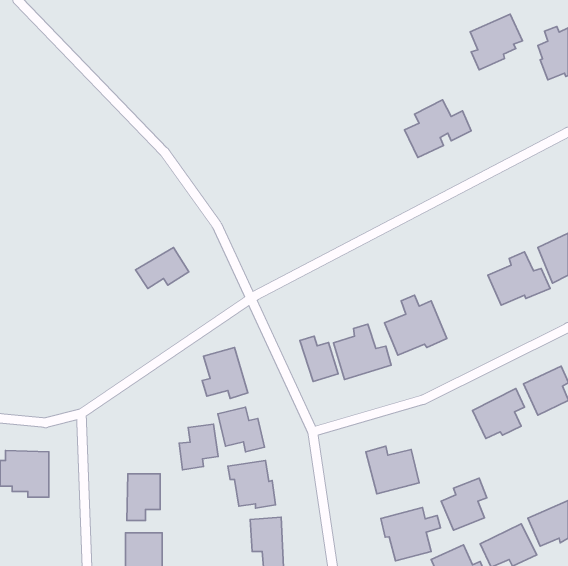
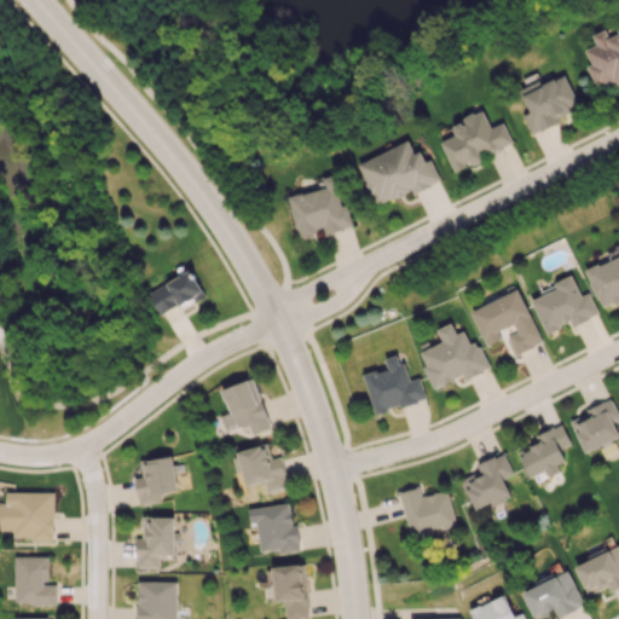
building: [470,14,522,70] -> [521,75,578,135]
building: none -> [357,143,440,207]
building: none -> [289,174,348,241]
building: none -> [470,290,542,355]
building: [300,336,338,381] -> none
building: [179,424,218,470] -> [134,457,177,507]
building: [441,478,487,530] -> [463,453,513,510]
building: [381,508,440,561] -> none
building: none -> [15,556,57,604]

